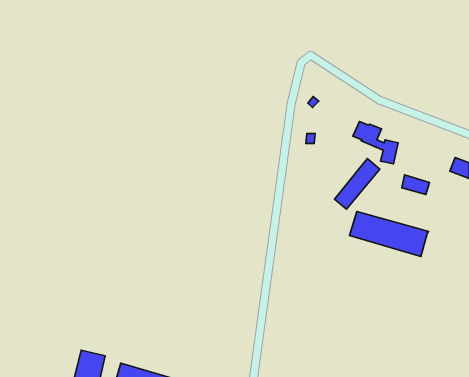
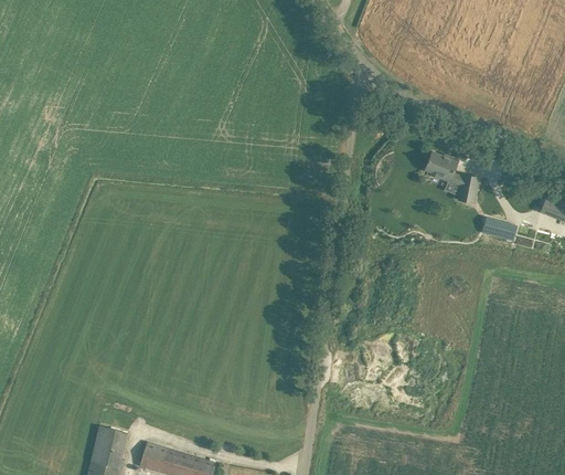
building: [335,158,380,209] -> none
building: [350,211,429,256] -> none

